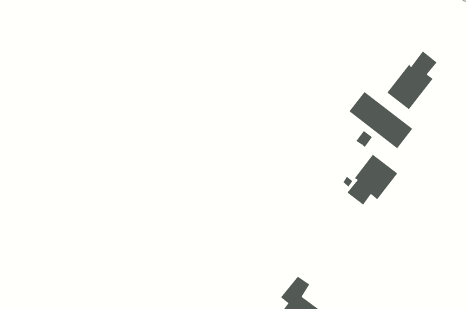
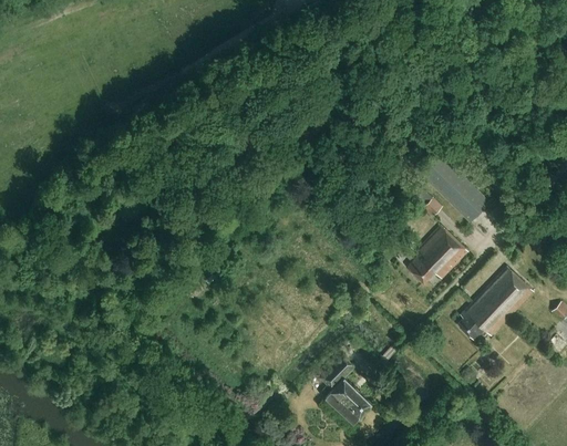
building: [387,50,437,110] -> none
building: none -> [458,267,534,341]

